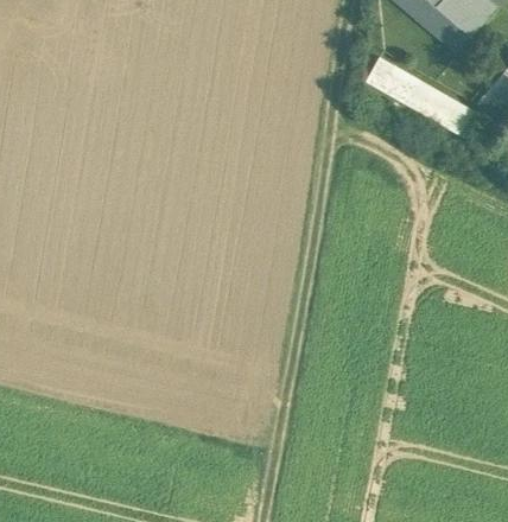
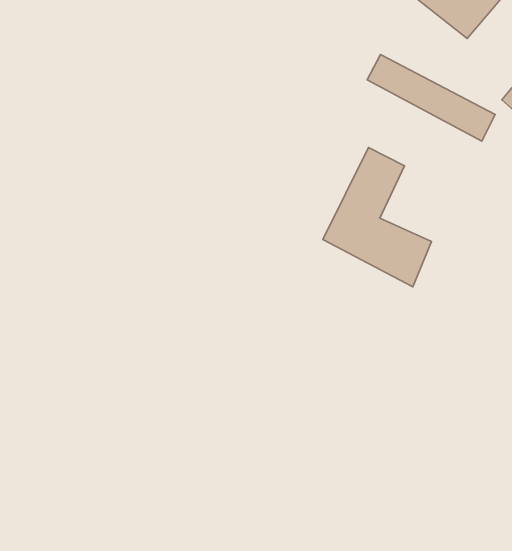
building: none -> [323,148,432,287]

